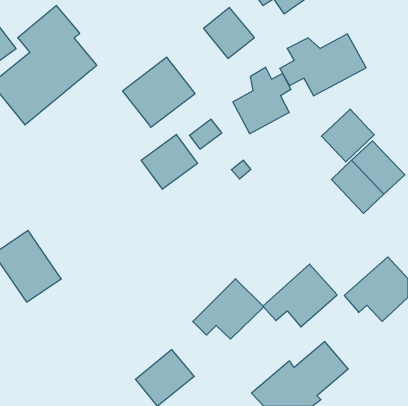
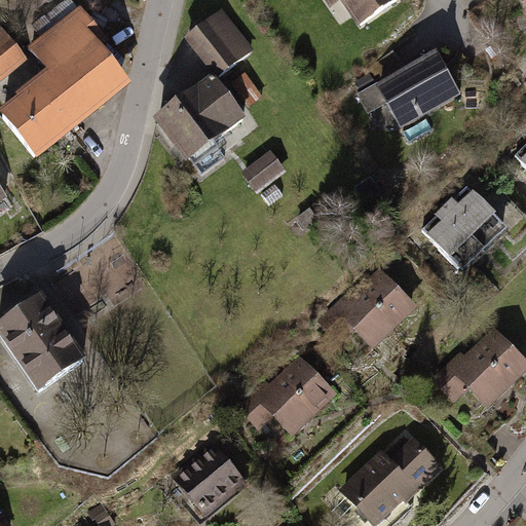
building: [204,8,254,58] -> [189,7,254,72]
building: [233,67,291,134] -> none
building: [321,109,374,162] -> none
building: [141,134,198,189] -> none
building: [263,264,337,327] -> [326,265,420,345]

